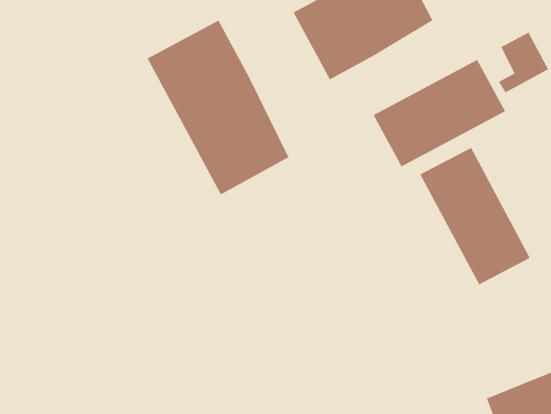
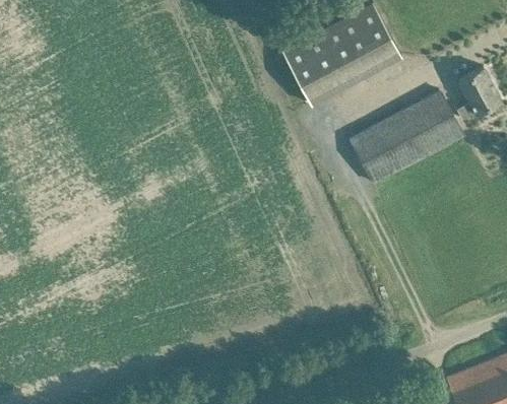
building: [147,20,289,196] -> none
building: [419,147,531,285] -> none

